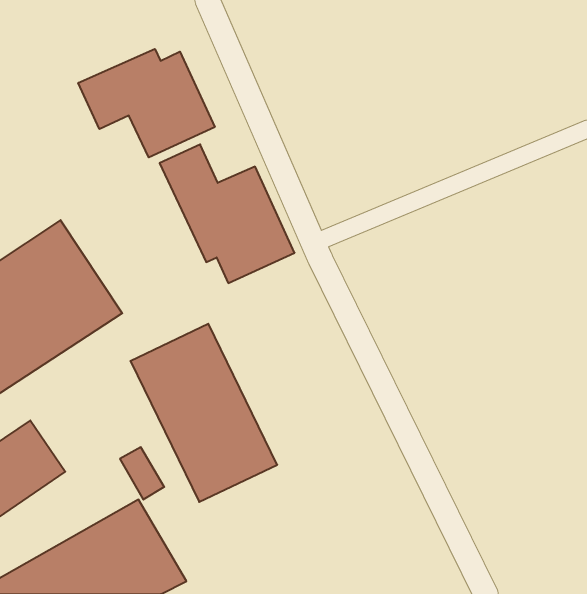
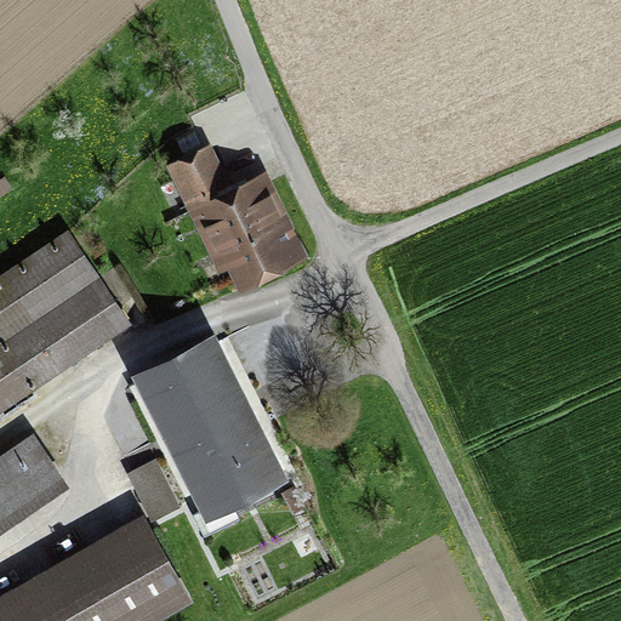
building: [78,49,215,157] -> none

